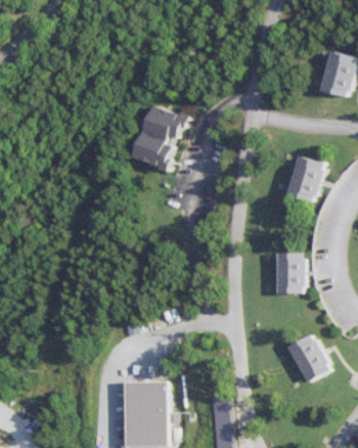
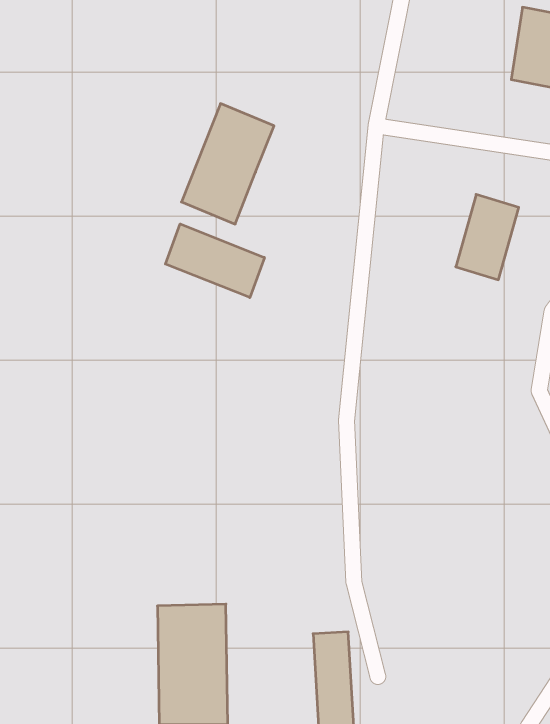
building: none -> [165,224,264,298]
building: [277,252,302,294] -> none
building: [290,334,330,383] -> none

